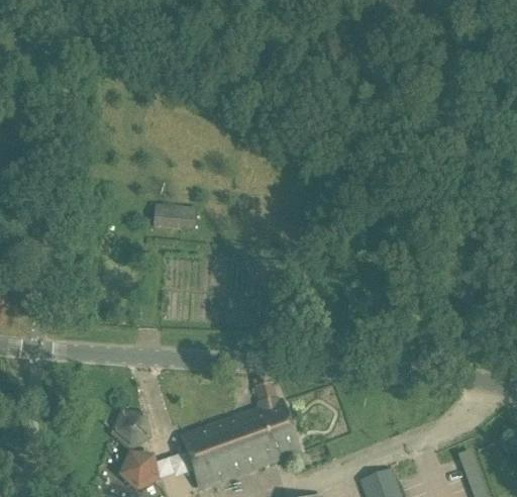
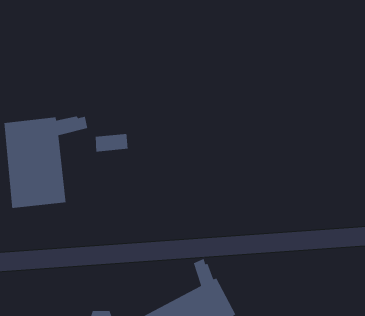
building: none -> [3,115,88,209]

